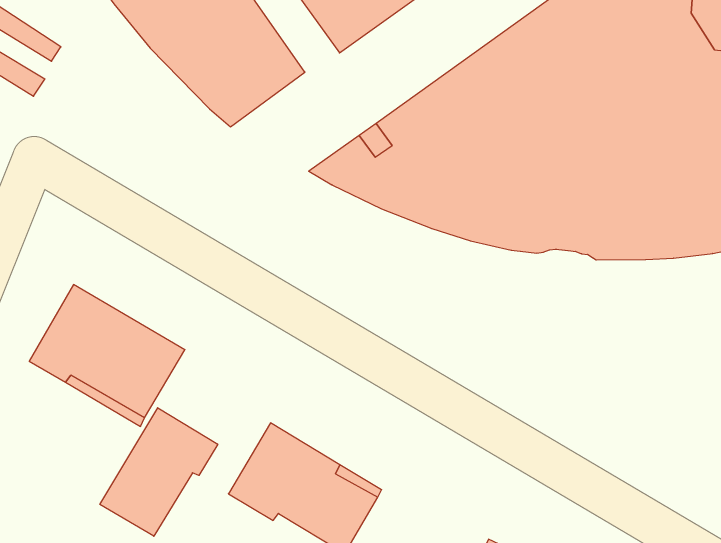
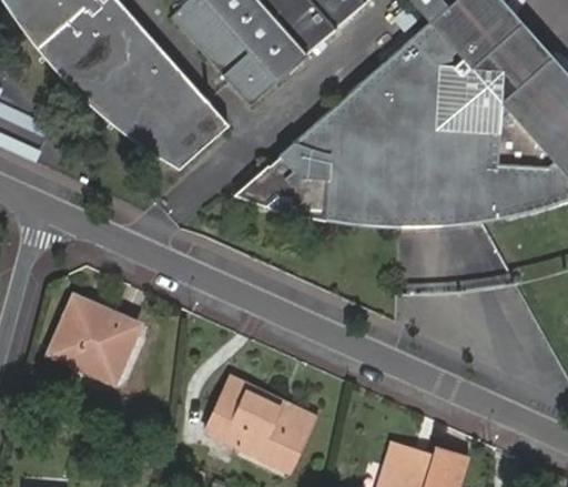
building: [100,408,218,536] -> none

